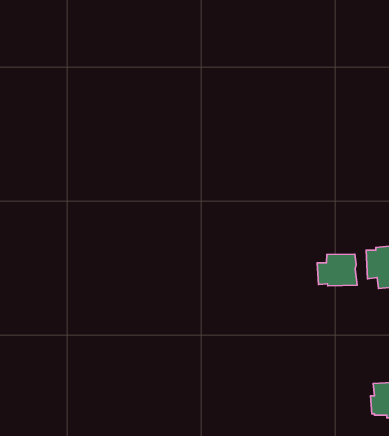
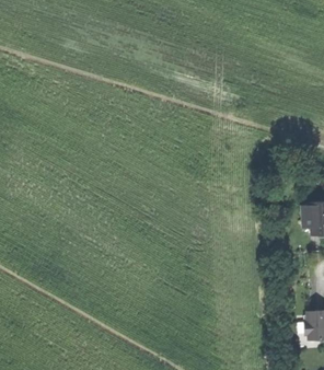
building: [317,254,357,286] -> none

